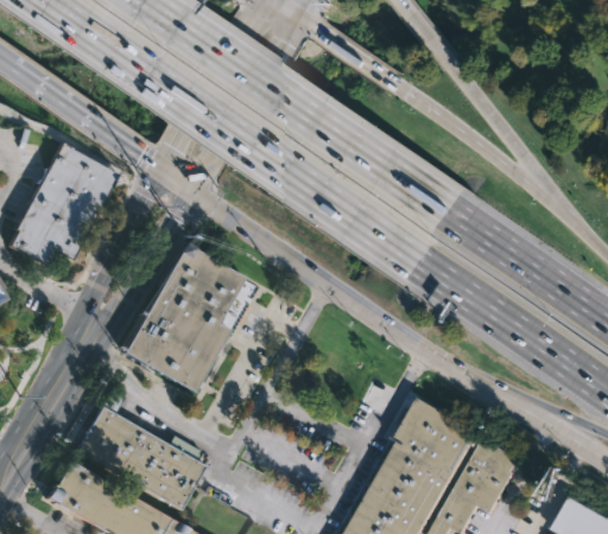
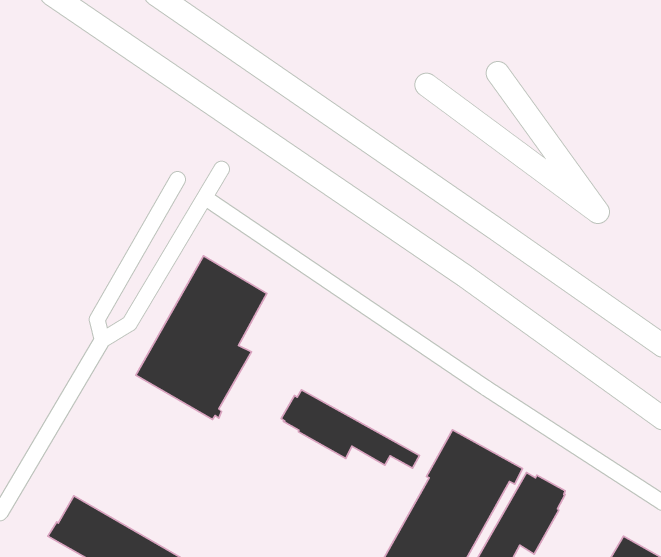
building: [8,142,118,272] -> none
building: none -> [281,390,419,468]
building: [74,407,209,510] -> none

